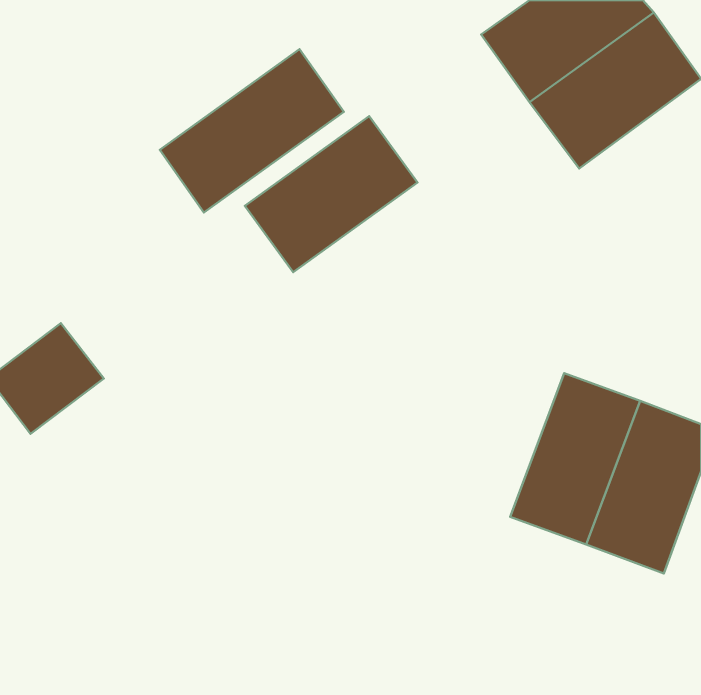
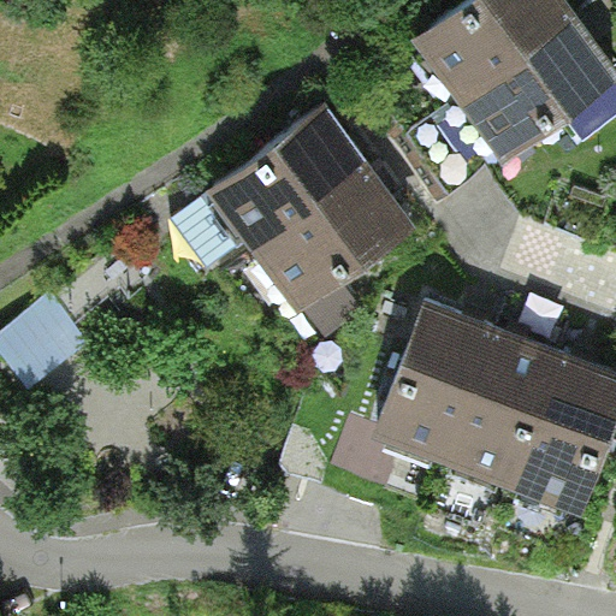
building: [160,49,344,213] -> none
building: none -> [255,168,405,340]
building: none -> [375,308,491,460]

